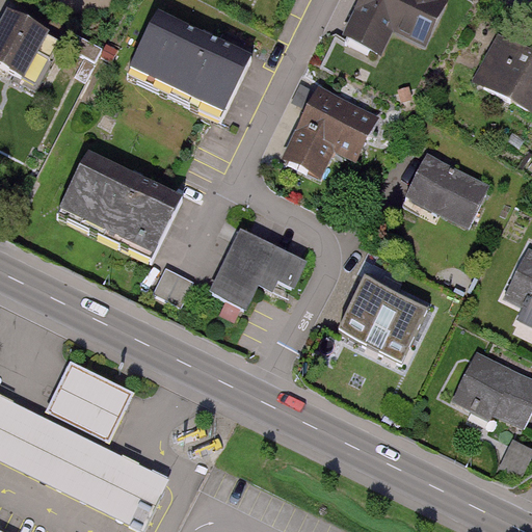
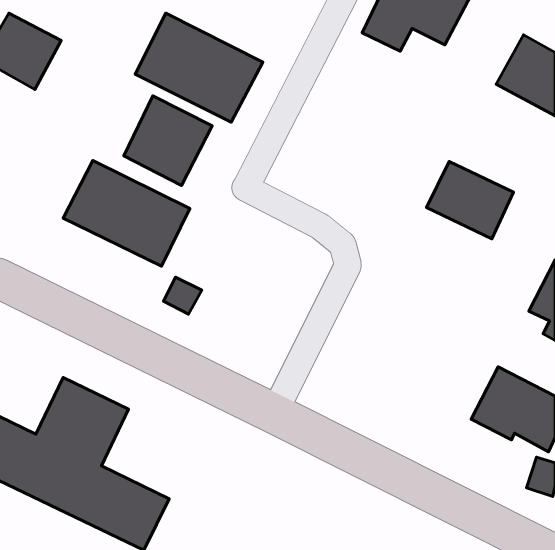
building: [285,87,378,175] -> none
building: none -> [124,96,212,186]
building: [212,229,307,310] -> none
building: [339,273,430,362] -> none

